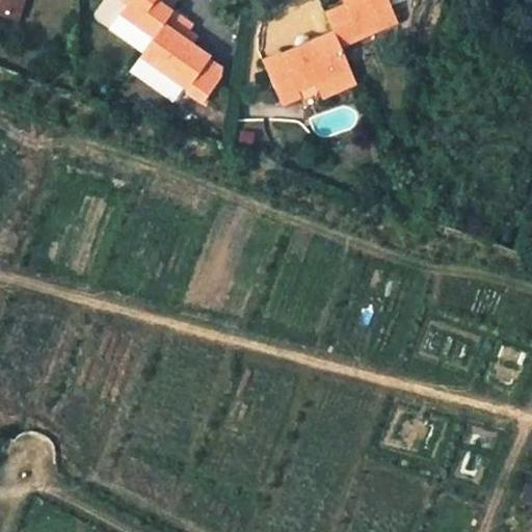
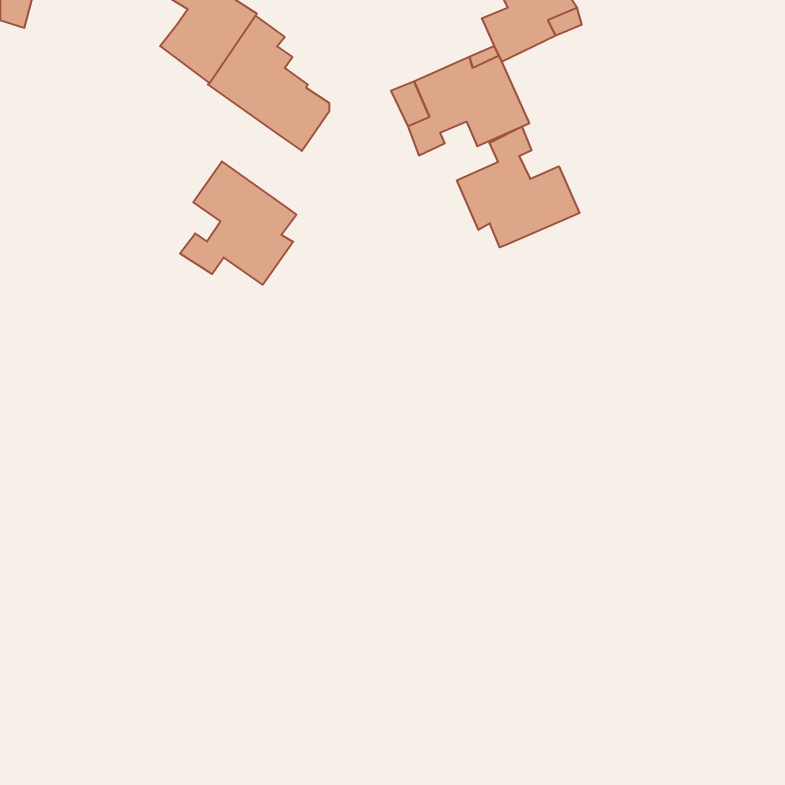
building: none -> [457,126,580,247]
building: none -> [180,161,296,285]

